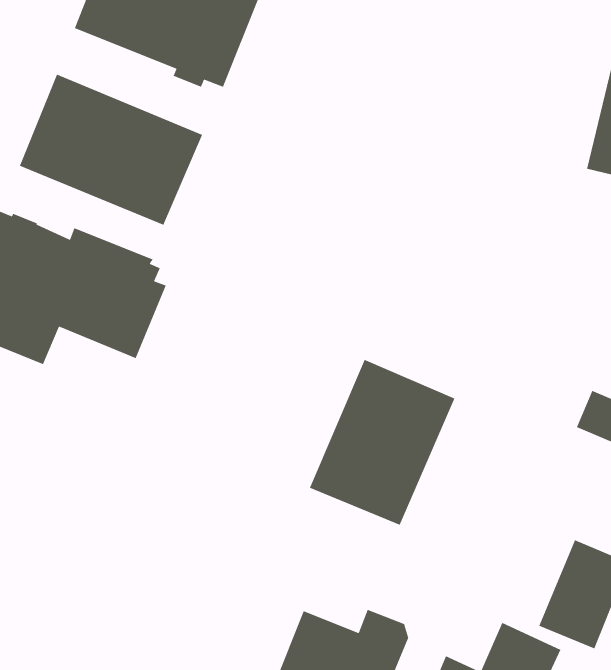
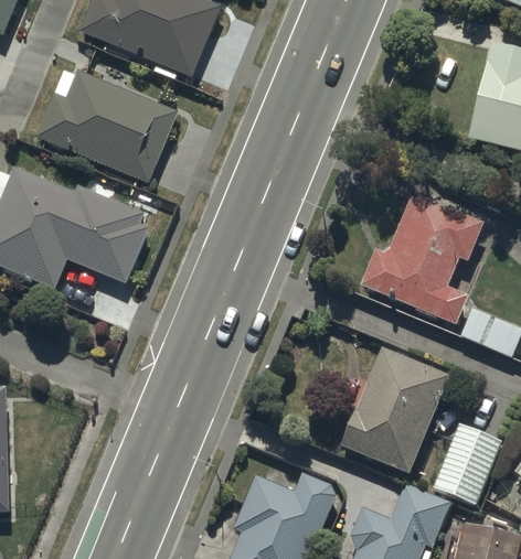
building: none -> [360,195,483,326]
building: [309,359,455,526] -> [339,350,450,476]

